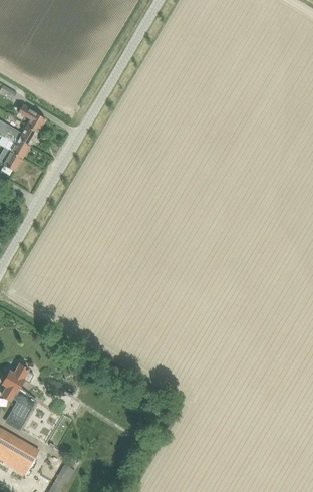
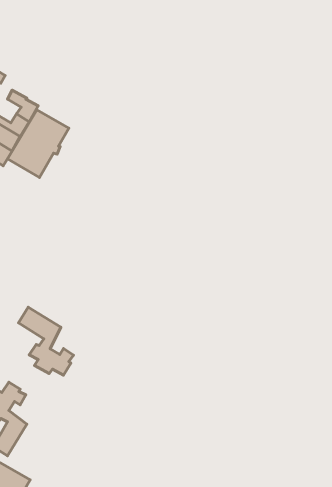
building: none -> [8,110,69,177]
building: none -> [19,307,73,375]

